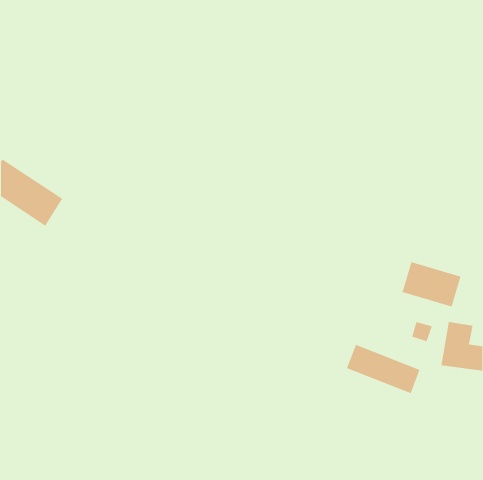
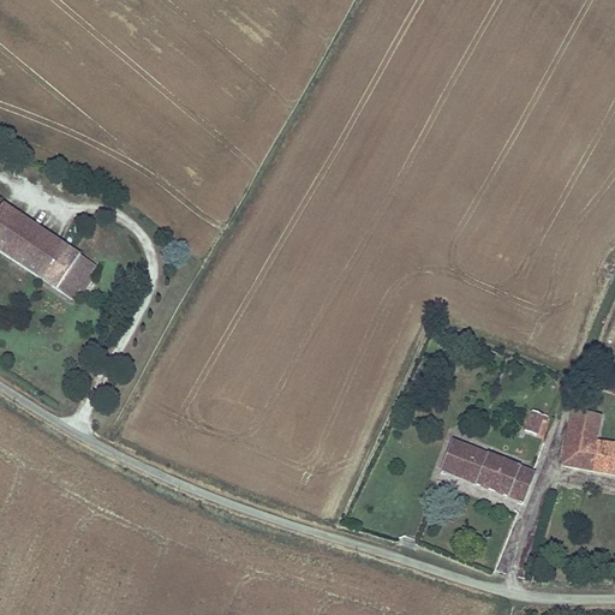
building: none -> [58,252,96,298]
building: [401,261,462,308] -> none

